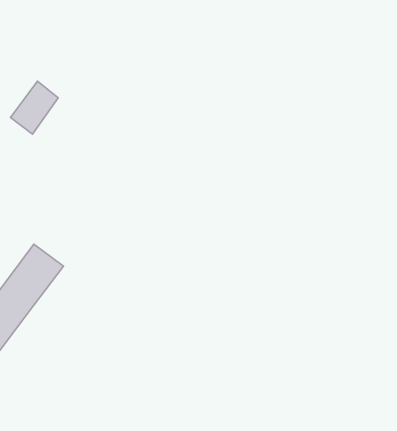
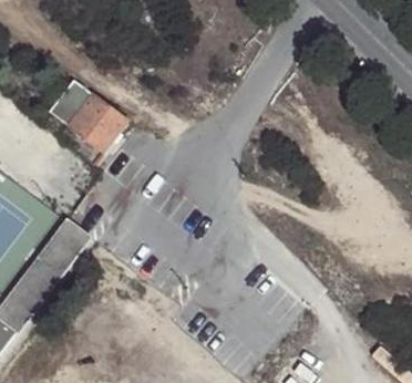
building: none -> [66,91,125,149]

